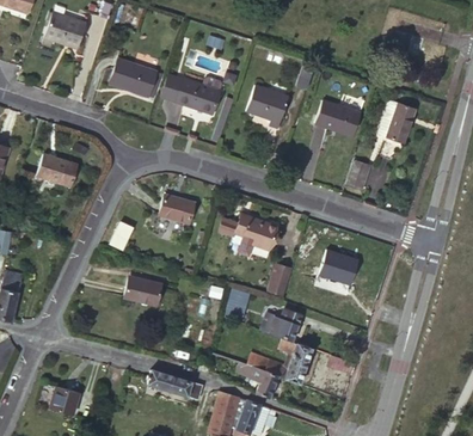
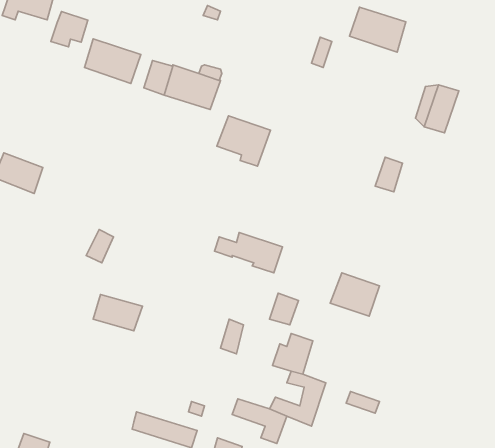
building: none -> [51,11,88,47]
building: [247,86,291,128] -> [217,116,270,166]
building: [317,94,363,131] -> [349,7,406,52]
building: [150,198,186,227] -> none

